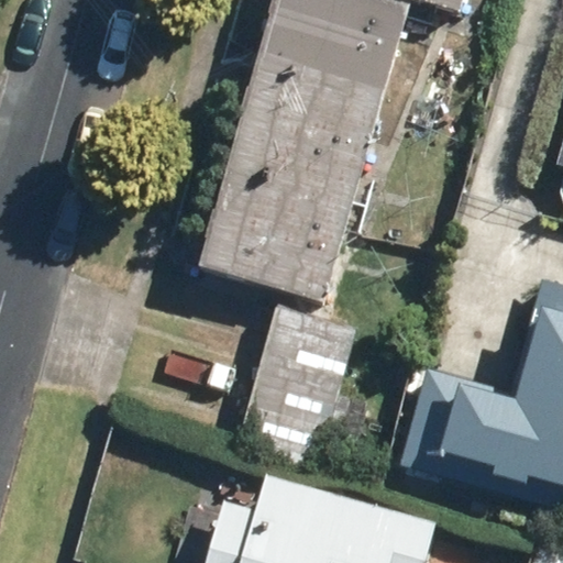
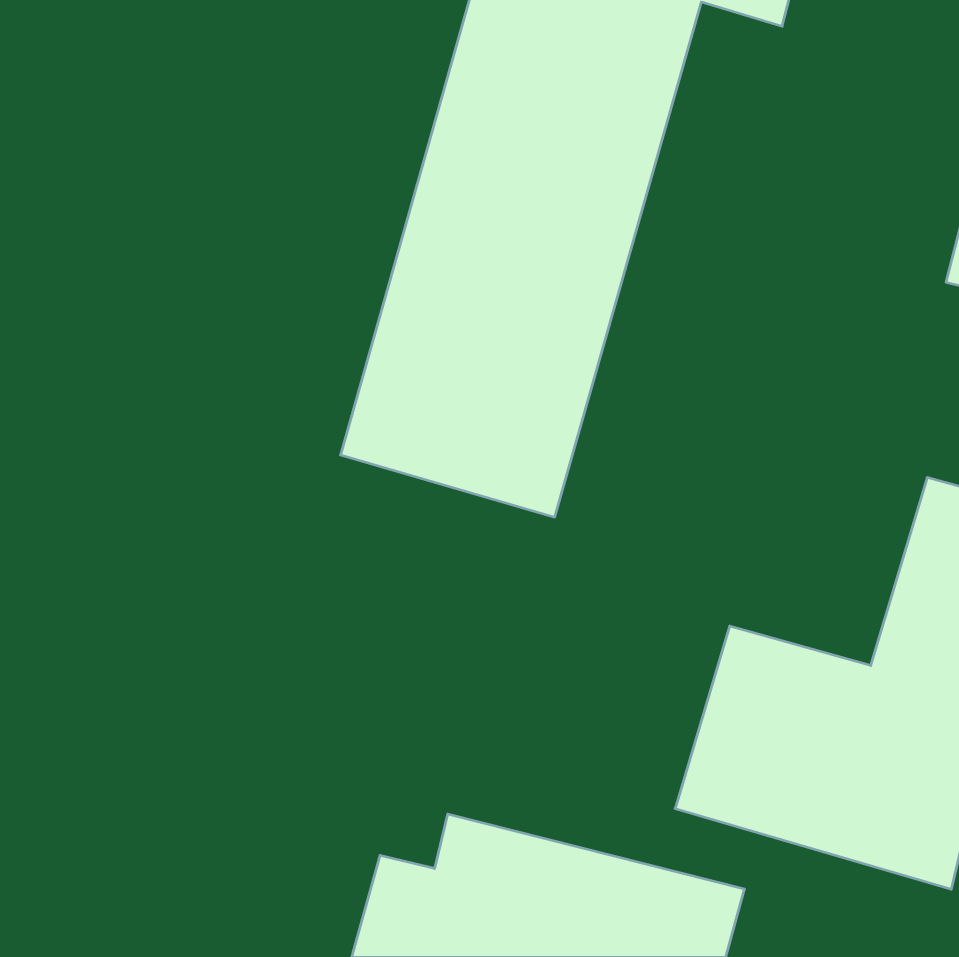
building: [238,305,355,468] -> none

